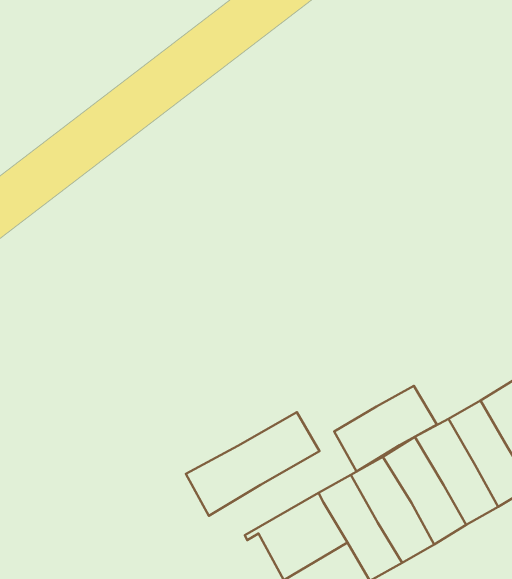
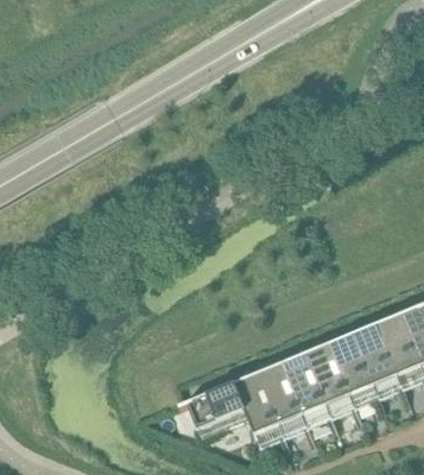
building: [334,386,437,471] -> none
building: [186,412,320,516] -> none

